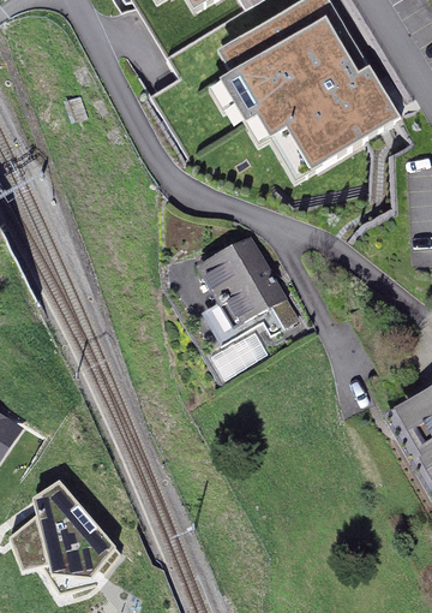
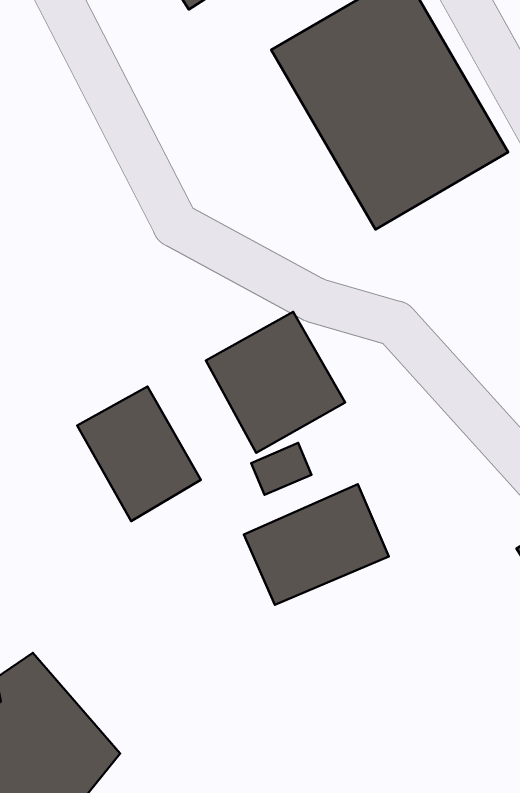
building: none -> [77,387,201,521]
building: none -> [244,484,389,605]

